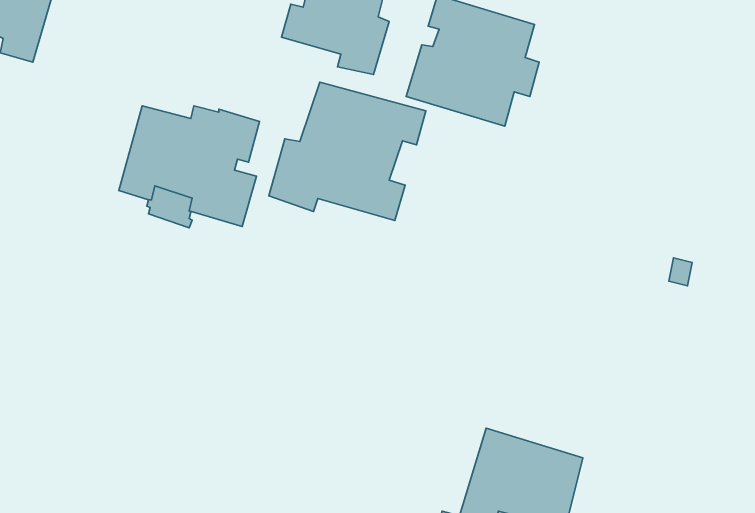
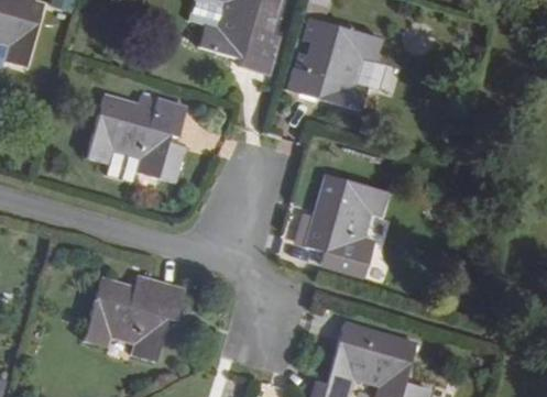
building: [269,82,426,220] -> none
building: none -> [307,174,386,275]
building: none -> [84,276,184,357]

